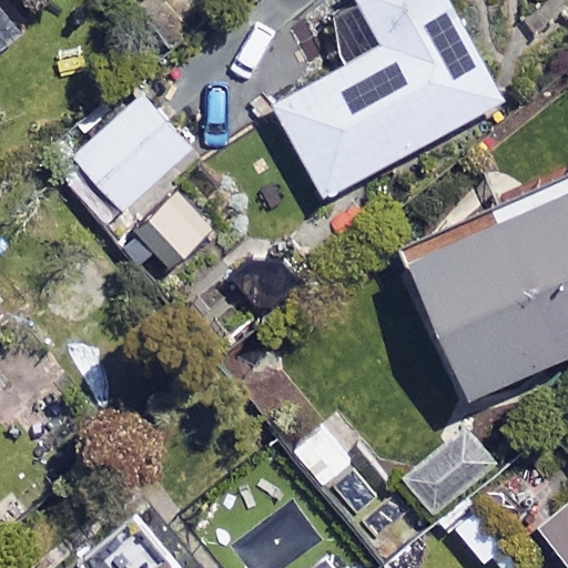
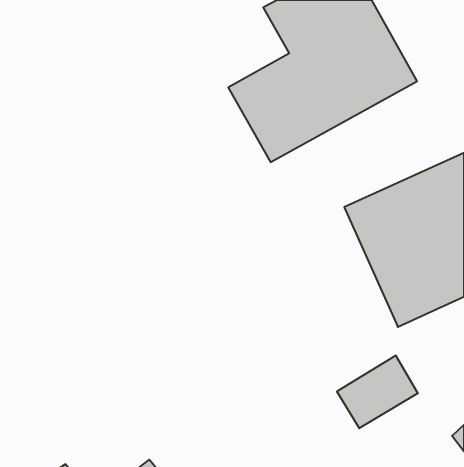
building: [63,84,190,211] -> none

